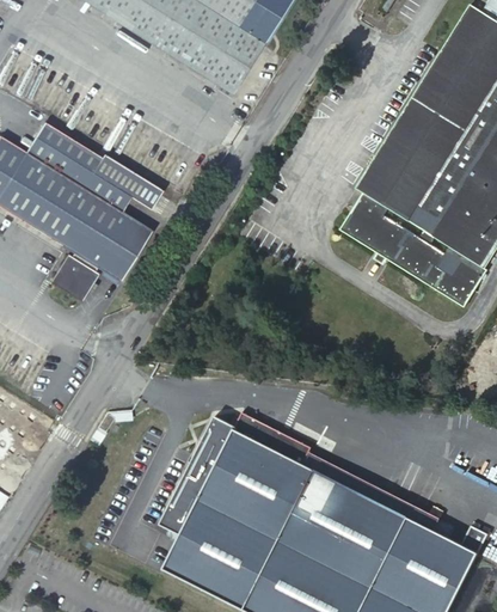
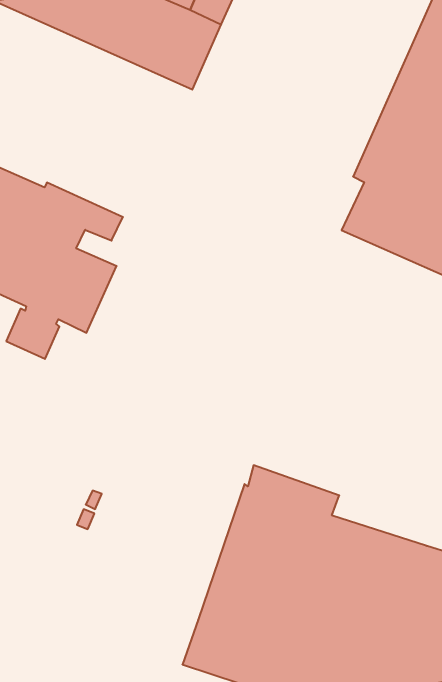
building: [158,414,233,532] -> none

